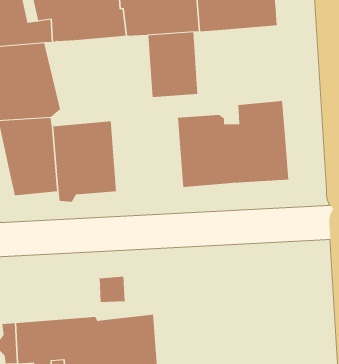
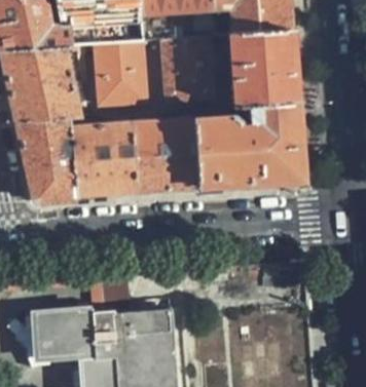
building: none -> [227,29,294,106]
building: none -> [93,39,145,103]
building: none -> [127,118,196,190]

